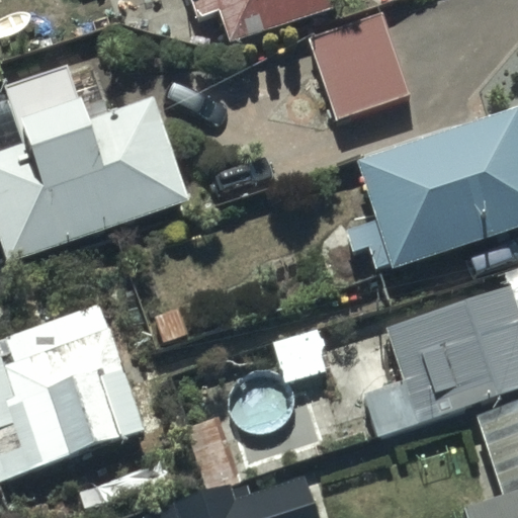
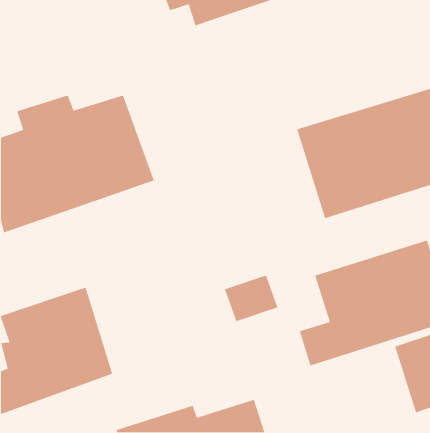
building: [305,12,409,118] -> none

